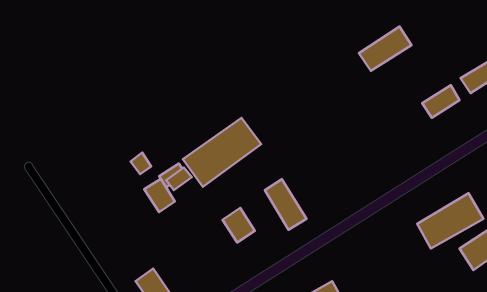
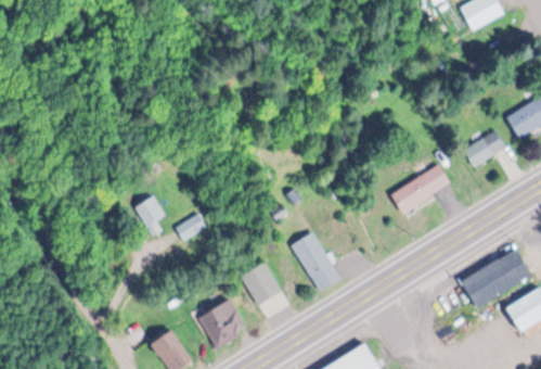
building: [359,26,411,71] -> [392,164,450,213]
building: [183,118,261,187] -> none
building: [144,179,175,212] -> none
building: none -> [201,301,247,345]

